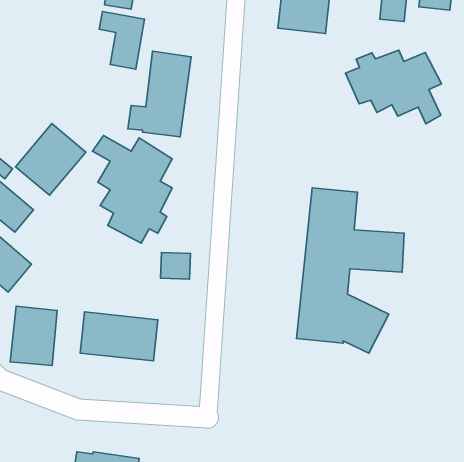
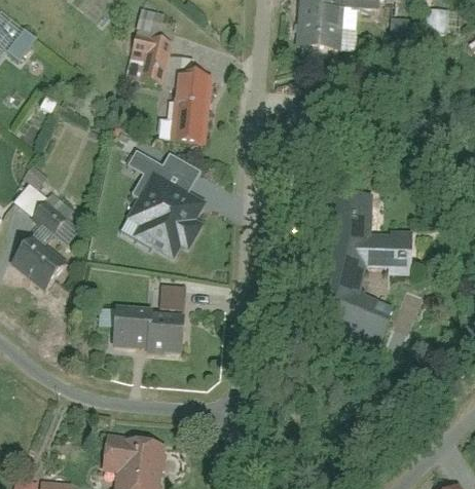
building: [346,50,442,124] -> none
building: [15,124,86,195] -> none
building: [161,253,190,279] -> [159,285,187,309]
building: [10,306,57,365] -> none

